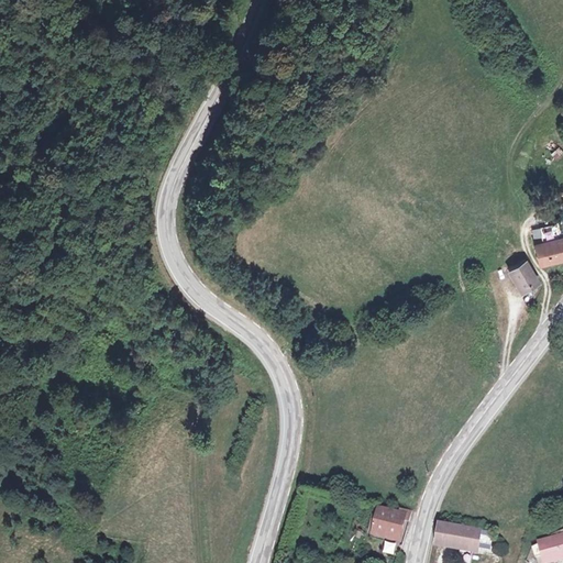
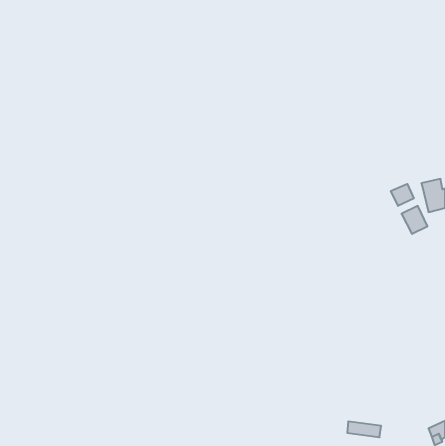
building: none -> [391,184,414,206]
building: [373,506,409,550] -> none

